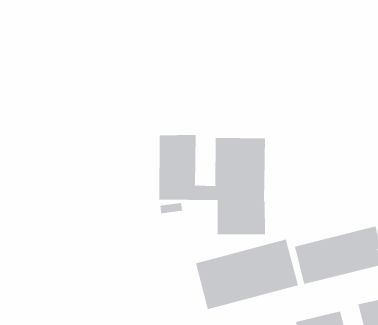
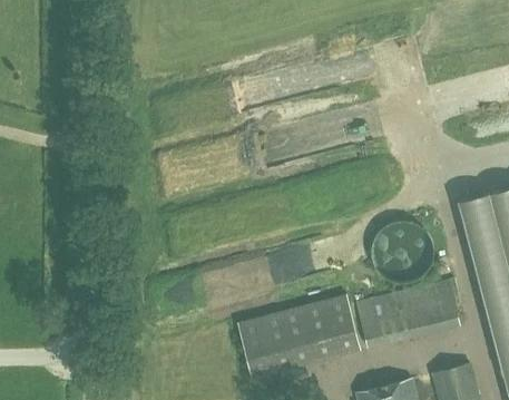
building: [159,134,265,235] -> none
building: none -> [372,221,434,282]

